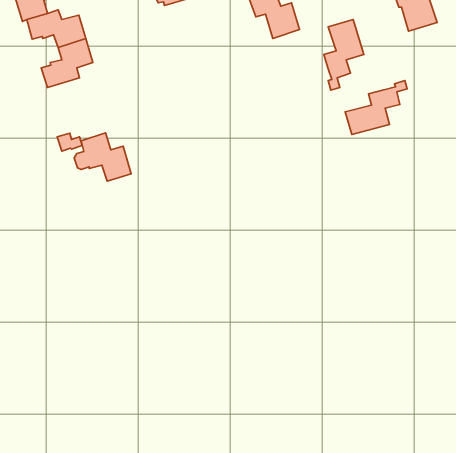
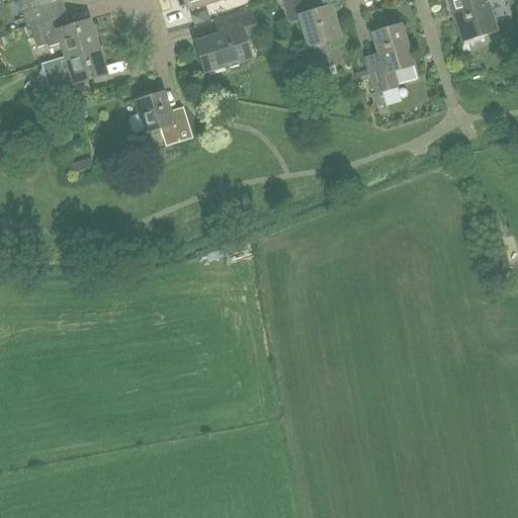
building: none -> [196,11,256,68]
building: [345,81,407,135] -> none
building: [74,133,131,181] -> [127,89,192,144]

